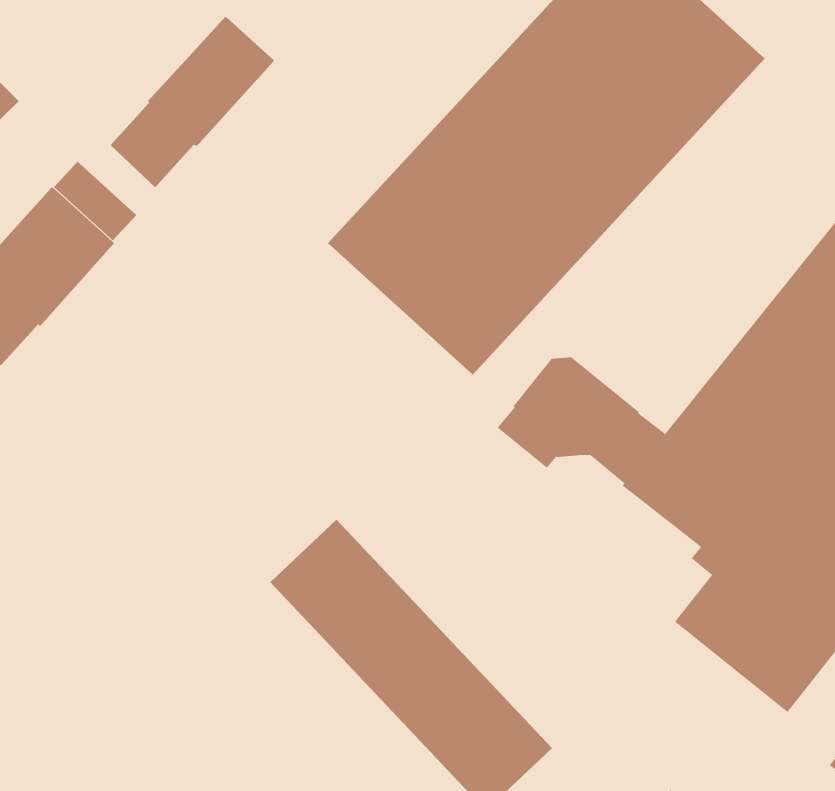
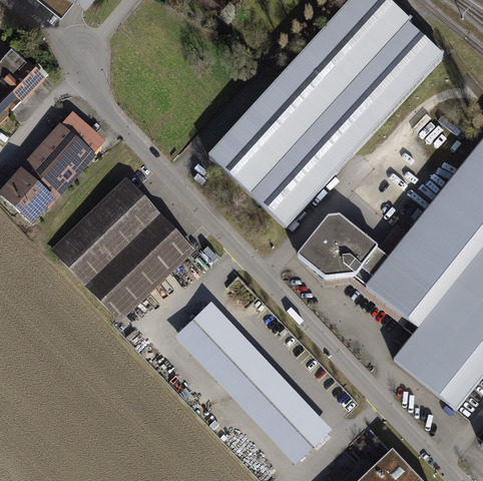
building: [110,16,274,188] -> none
building: none -> [54,182,189,317]

